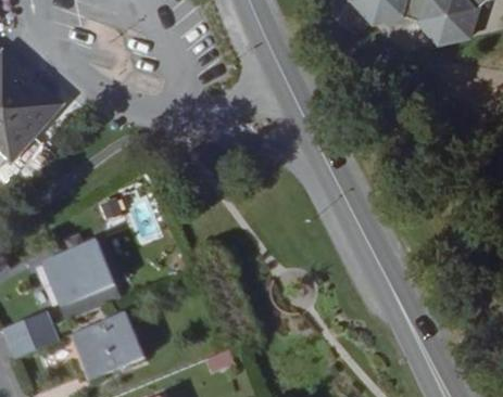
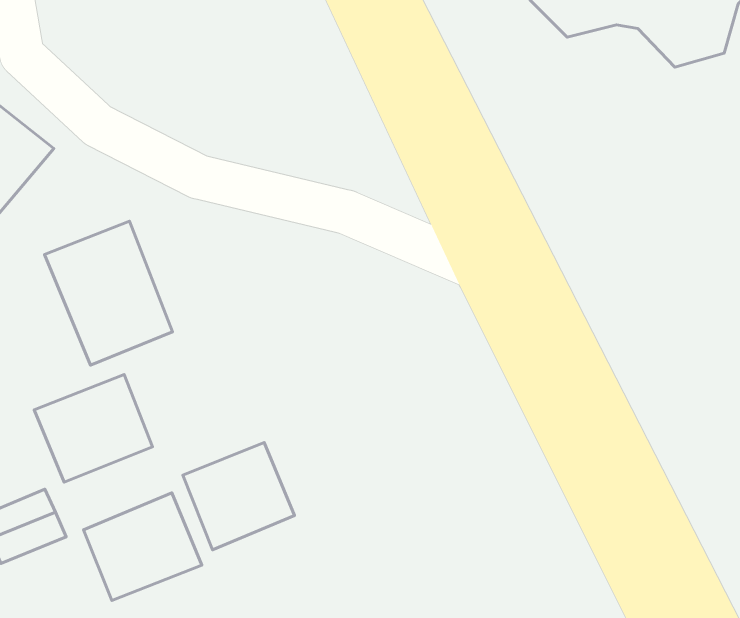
building: none -> [45,221,172,365]
building: none -> [183,442,295,550]

